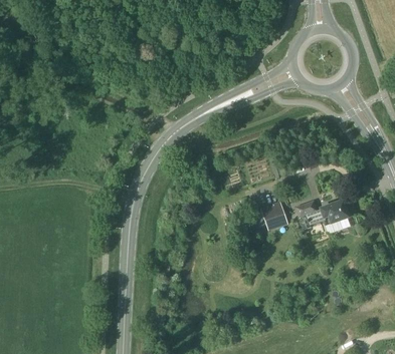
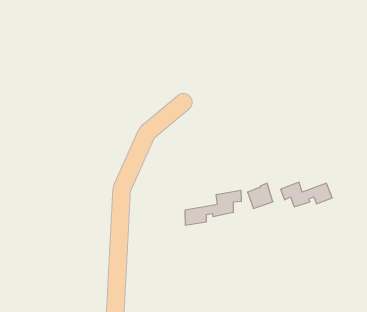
building: none -> [185,190,241,225]

